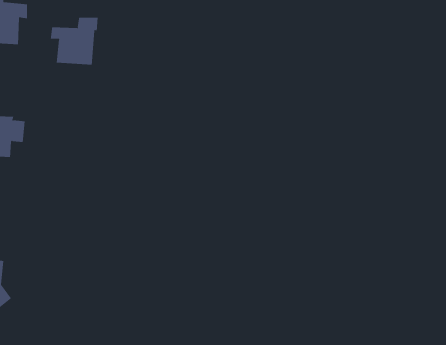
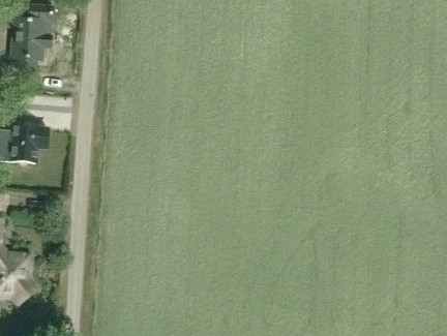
building: [50,17,98,66] -> none

